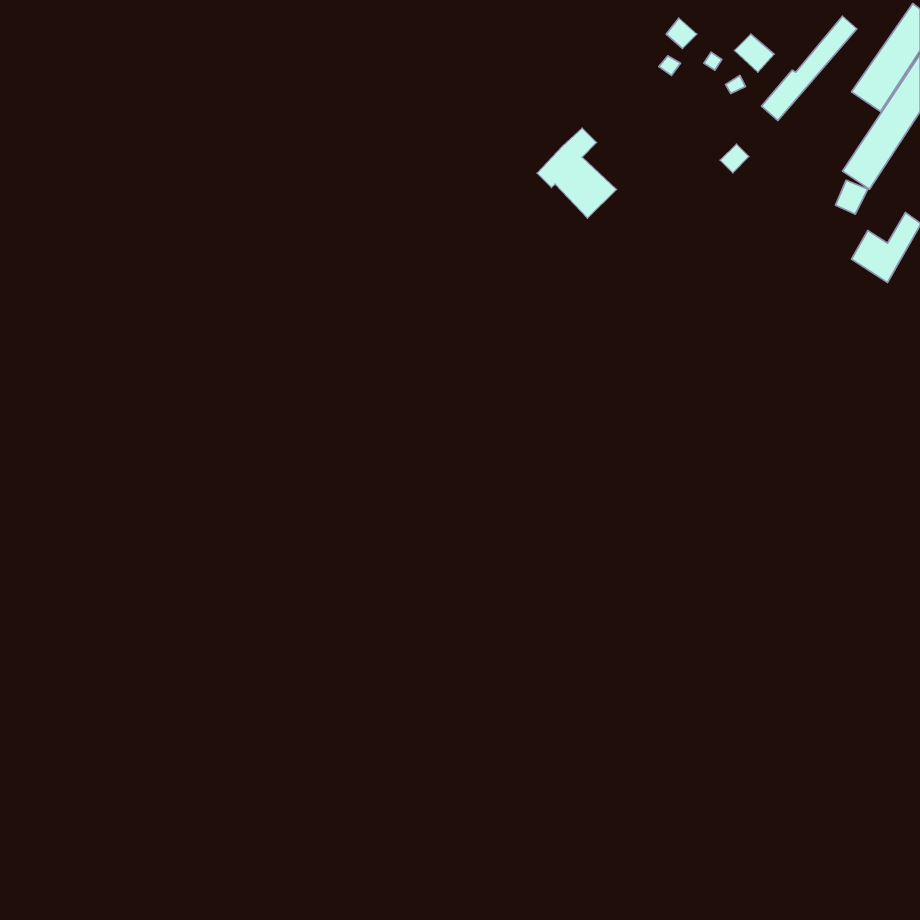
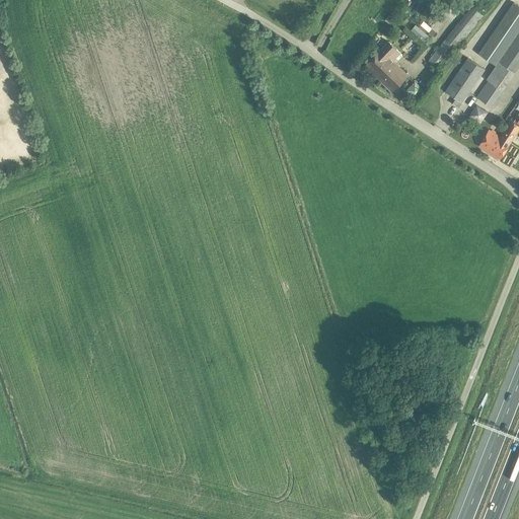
building: none -> [445,59,485,108]
building: [537,128,616,218] -> [363,42,407,92]

